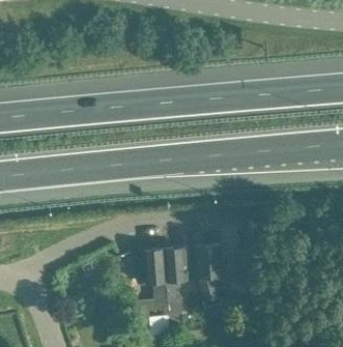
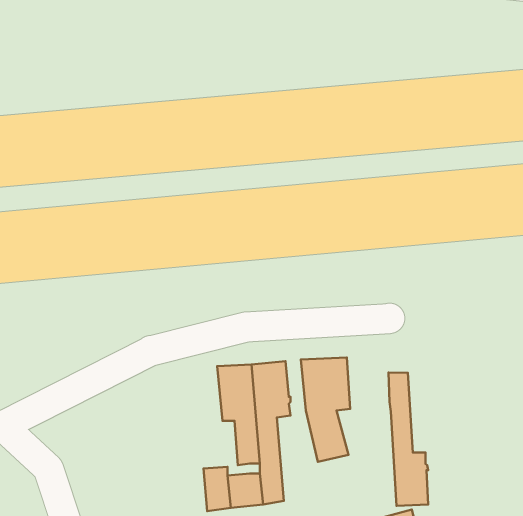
building: none -> [388,373,428,506]

